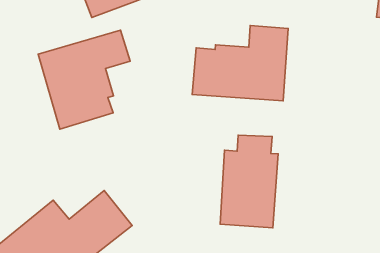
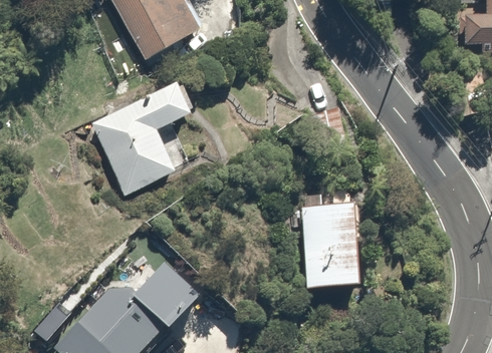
building: [192,25,288,101] -> none

